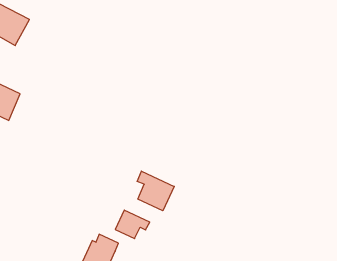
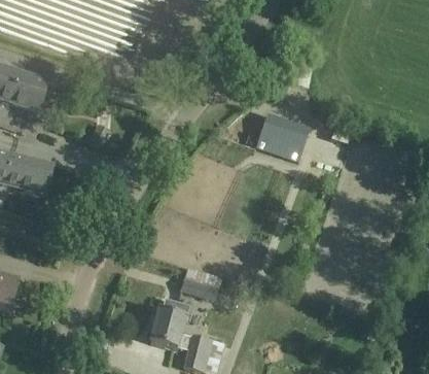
building: none -> [256,114,309,160]
building: [137,171,174,211] -> none

